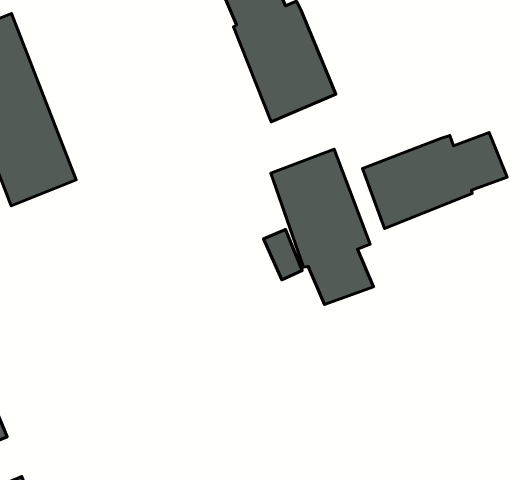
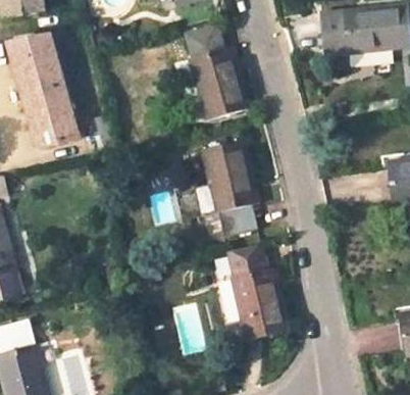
building: [362,133,507,228] -> none
building: none -> [226,245,286,339]

